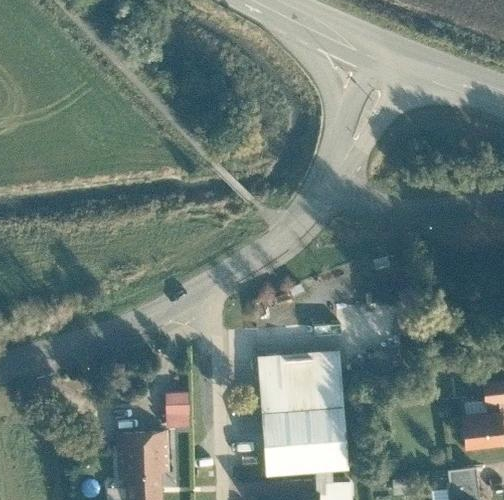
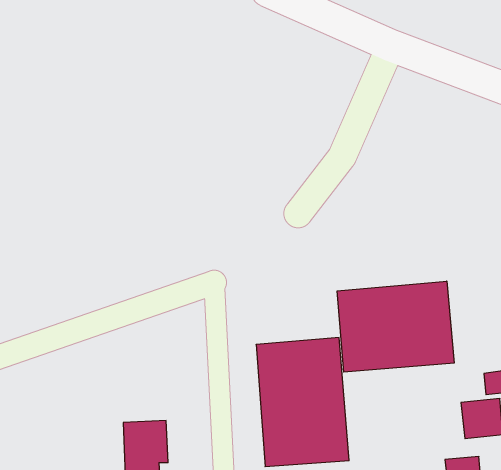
building: none -> [337,281,454,372]
building: [166,395,188,430] -> none

